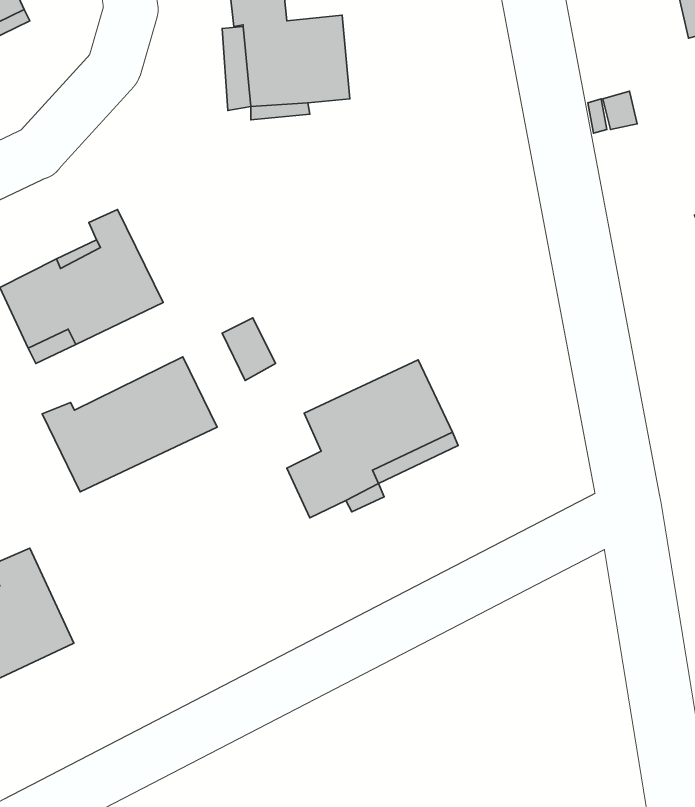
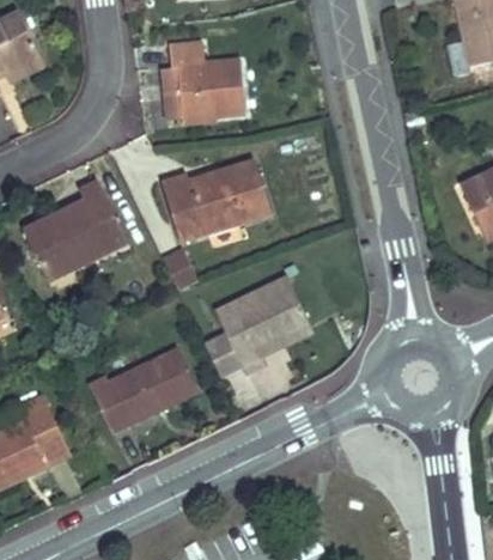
building: none -> [162,160,270,239]
building: [42,357,217,492] -> [89,347,199,432]

